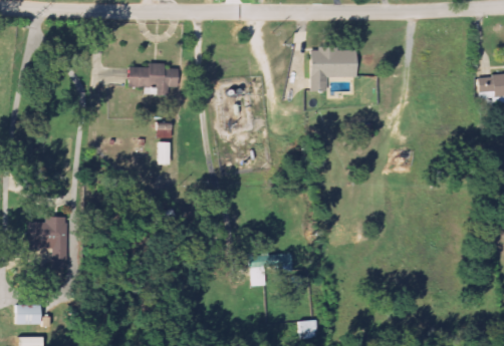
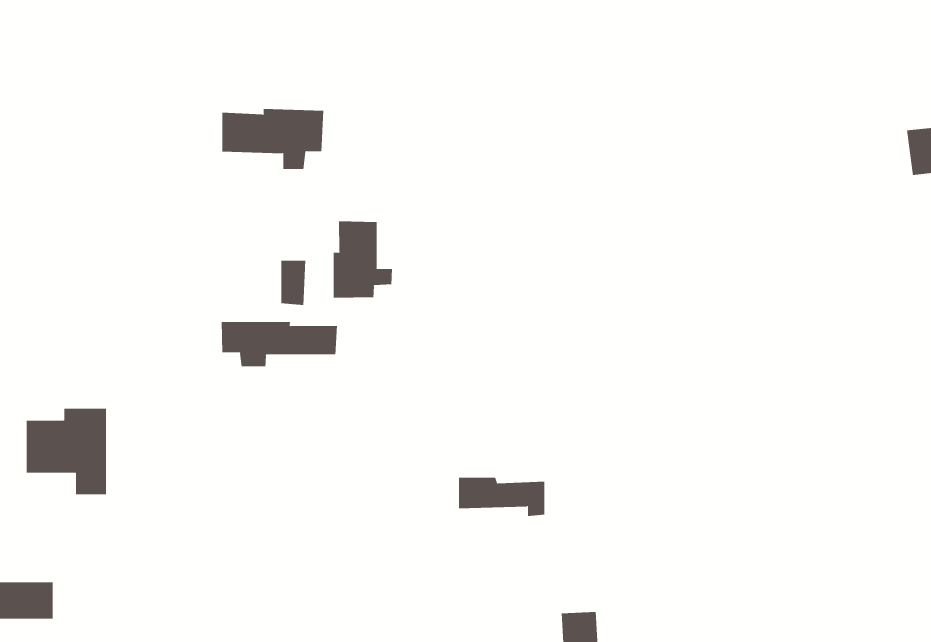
building: [308,48,356,91] -> none
building: none -> [333,221,392,298]
building: none -> [221,321,337,367]

